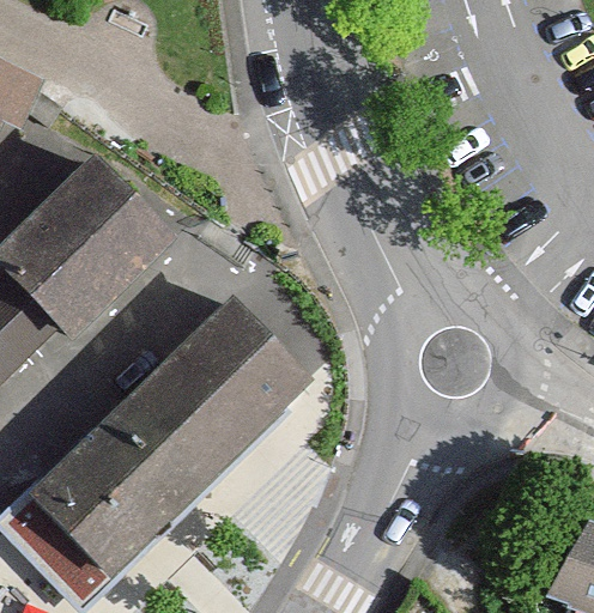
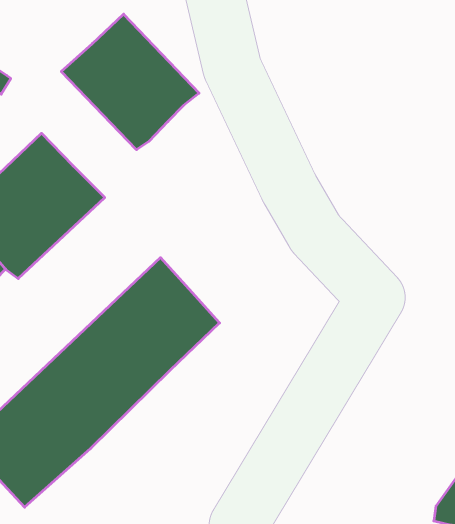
building: none -> [61,14,199,150]

